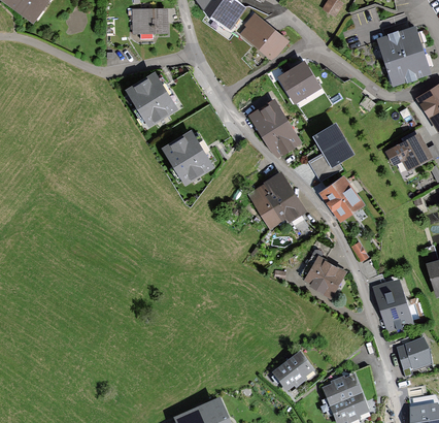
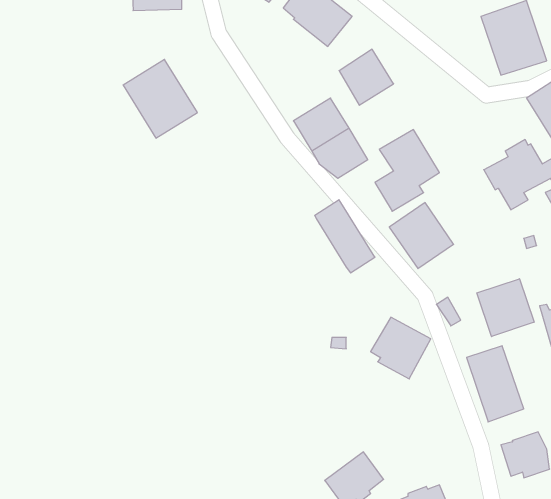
building: [161,129,215,186] -> none
building: [247,186,285,231] -> none
building: none -> [477,279,534,337]

